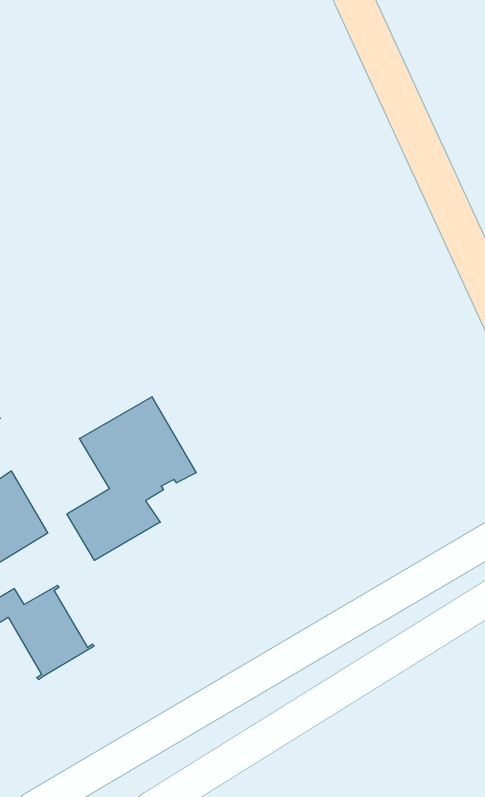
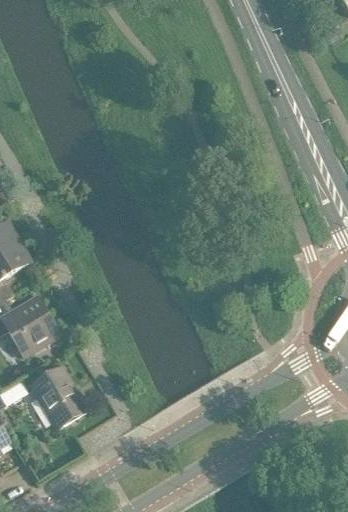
building: [67,397,196,560] -> none

